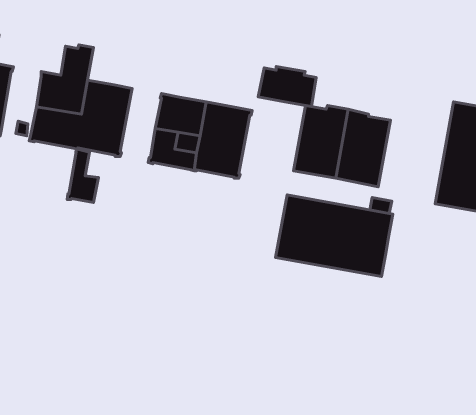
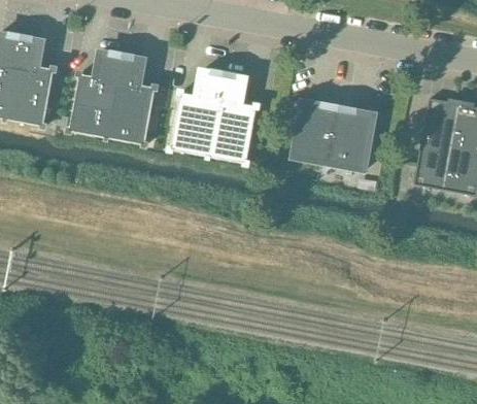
building: none -> [117,53,144,85]
building: [258,67,316,107] -> [196,69,245,103]
building: [67,149,98,203] -> none
building: [276,195,393,277] -> none

